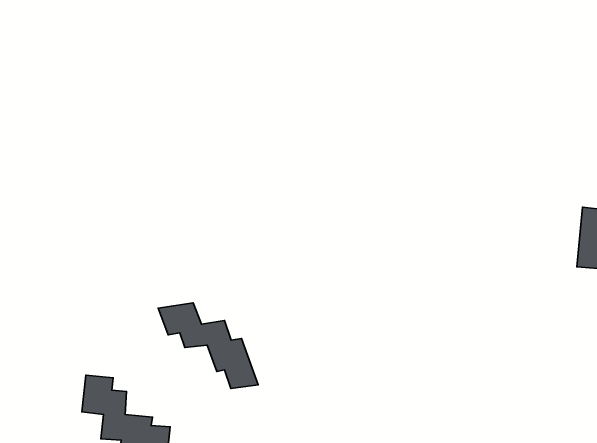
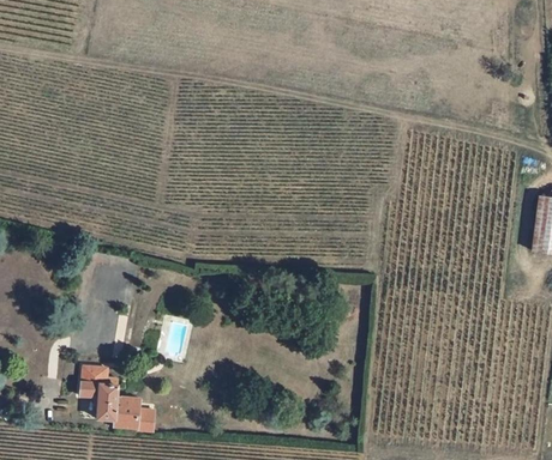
building: [158,303,258,388] -> none

